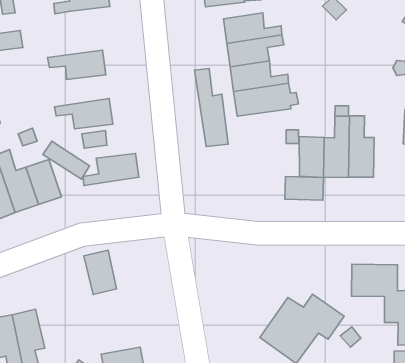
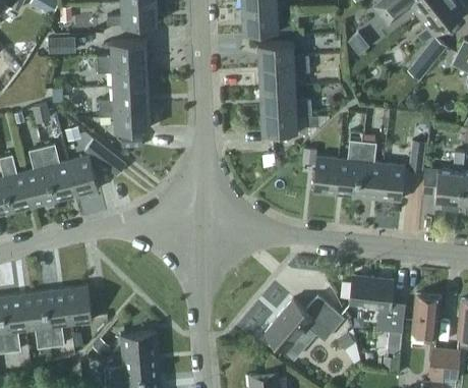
building: none -> [97,41,147,64]
building: [195,69,228,146] -> none
building: none -> [378,163,404,202]
building: [83,154,139,186] -> [99,85,149,109]
building: [285,177,323,200] -> none
building: [84,250,116,295] -> [65,286,92,325]

